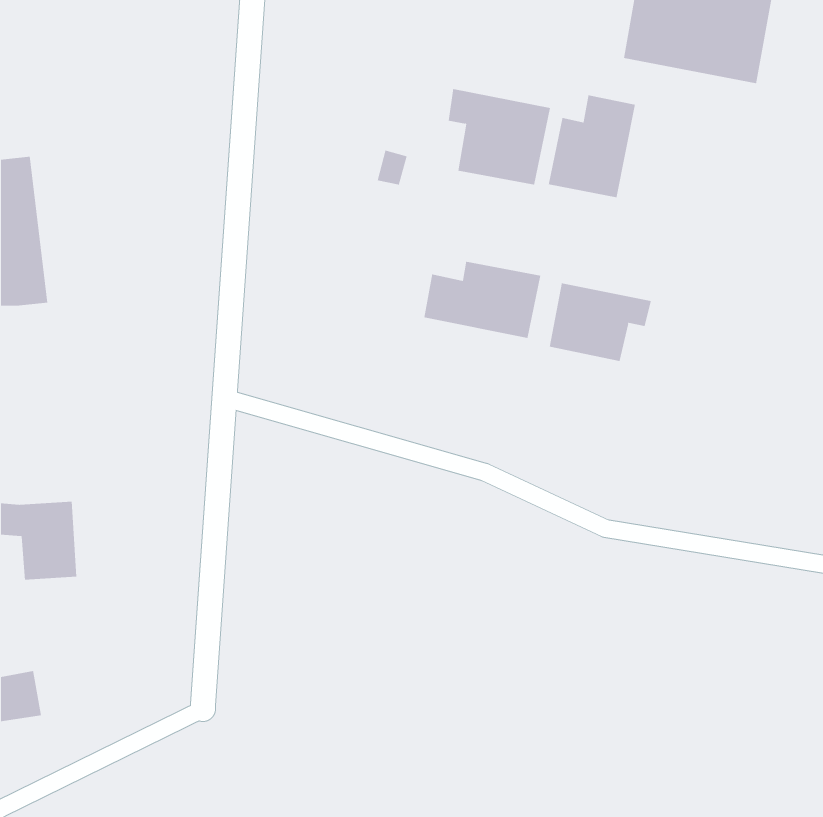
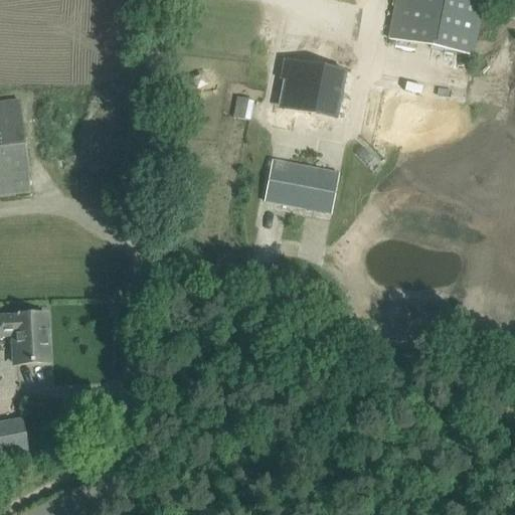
building: [548,94,635,198] -> none
building: [549,283,652,362] -> none

